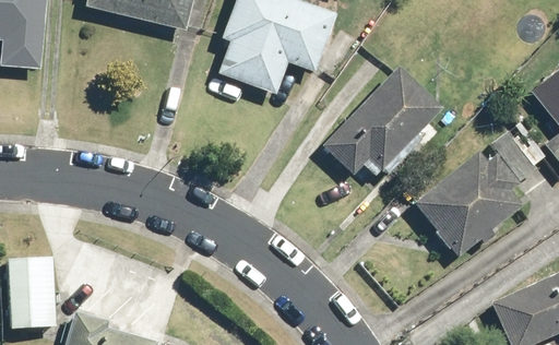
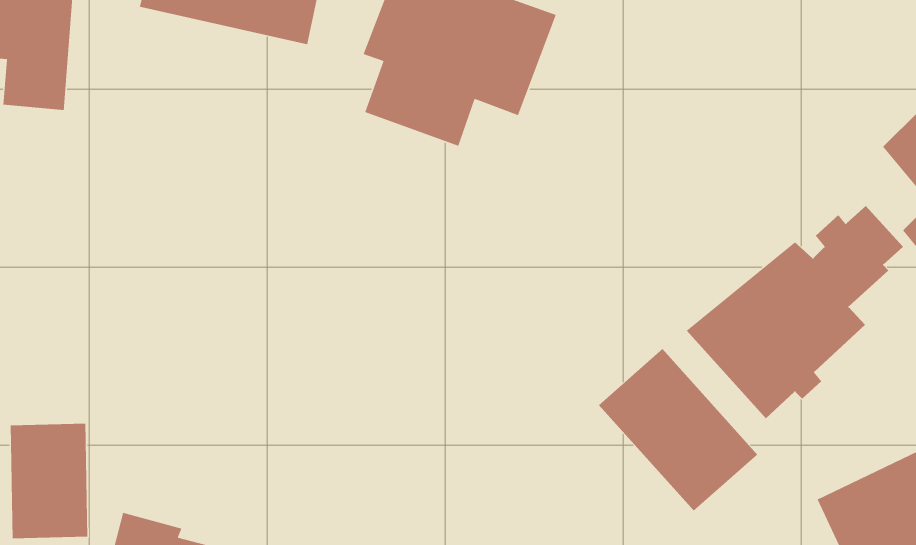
building: [323,66,442,176] -> none
building: none -> [598,348,758,512]

